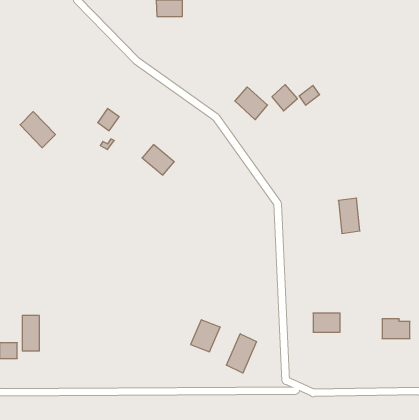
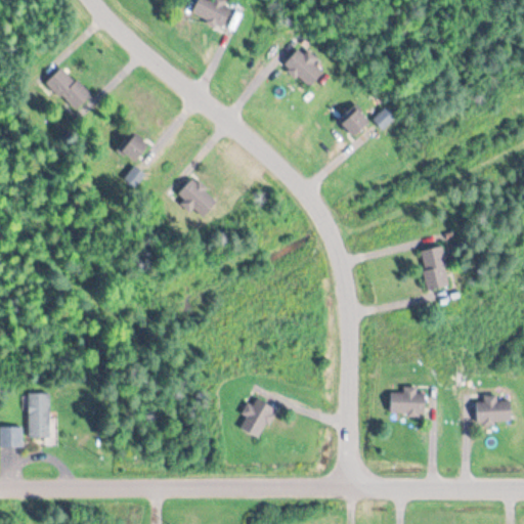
building: [235,87,268,120] -> [283,48,324,89]
building: [20,112,55,148] -> [46,68,90,113]
building: [226,334,257,373] -> none

